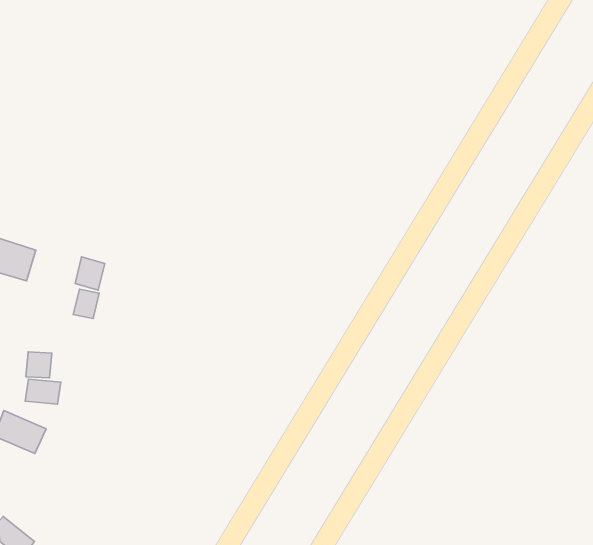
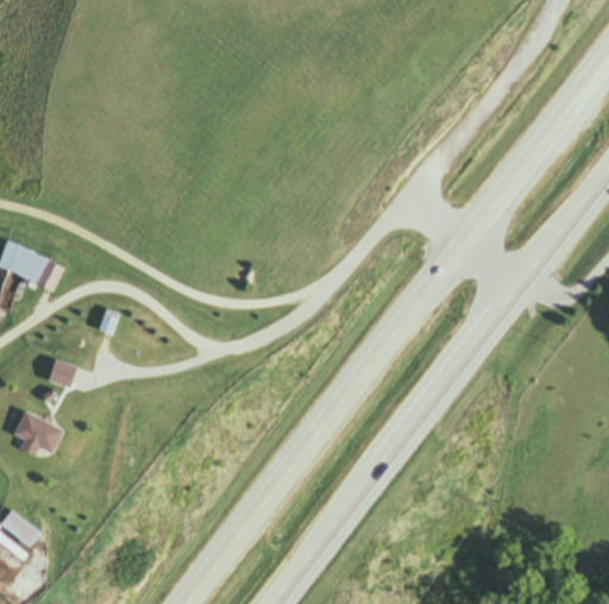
building: [75,257,105,290] -> none
building: [25,379,61,404] -> none

